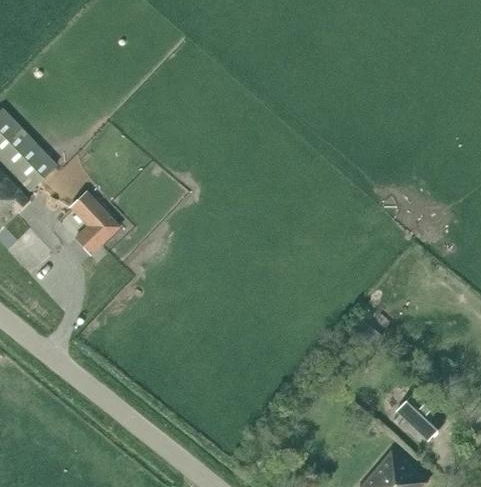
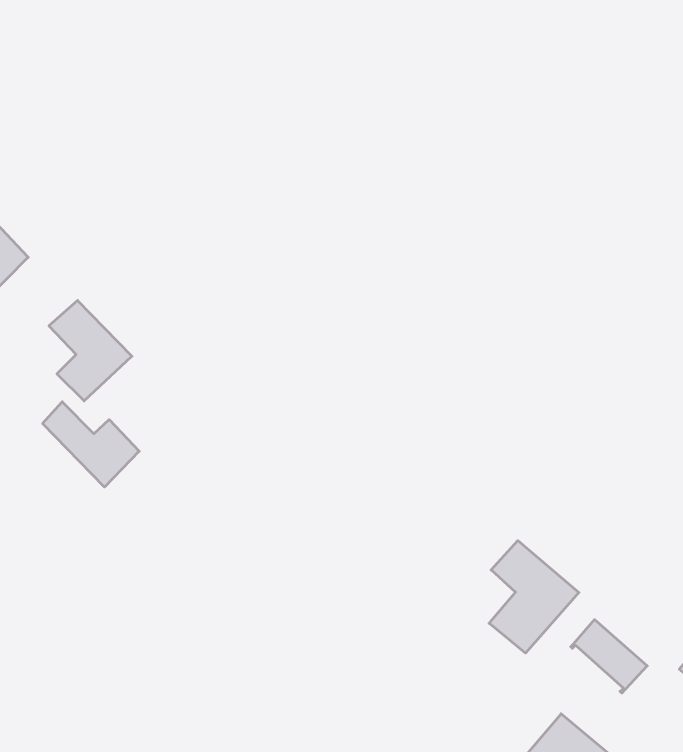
building: none -> [43,402,139,487]
building: none -> [489,541,579,653]

